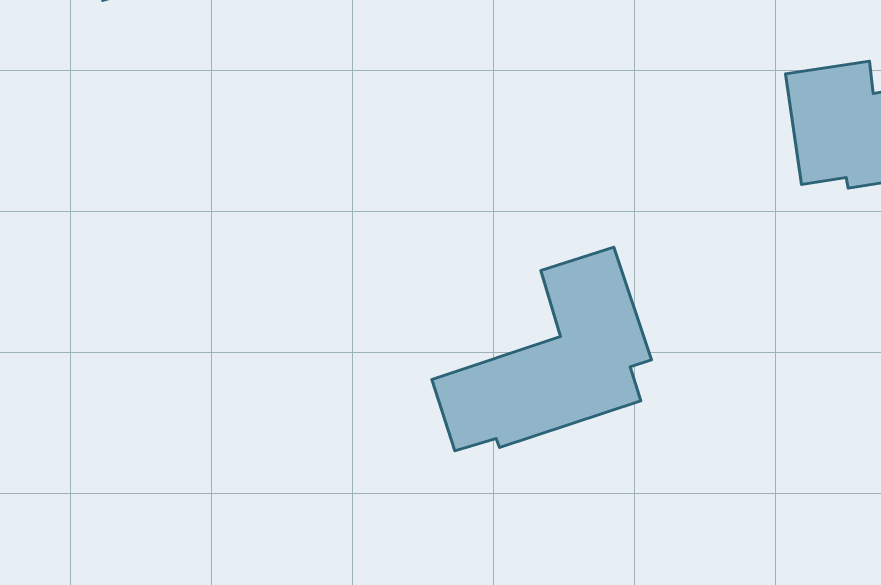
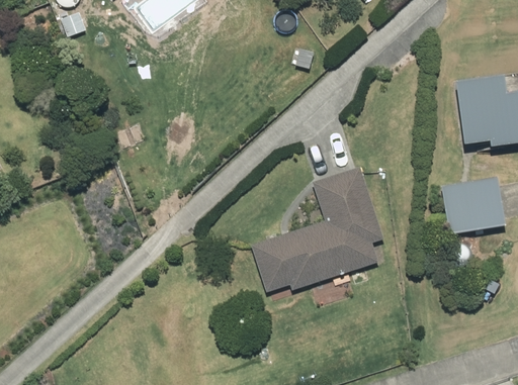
building: none -> [441,176,504,233]

